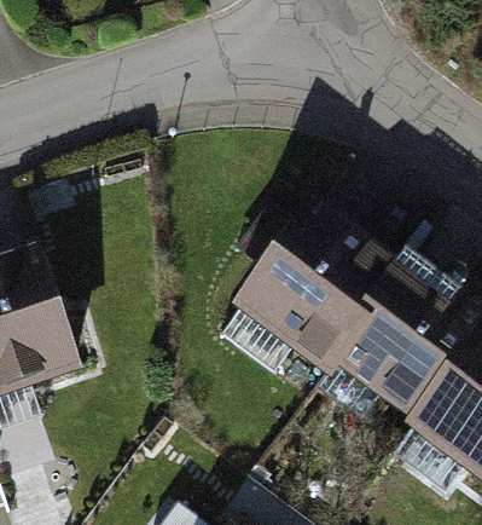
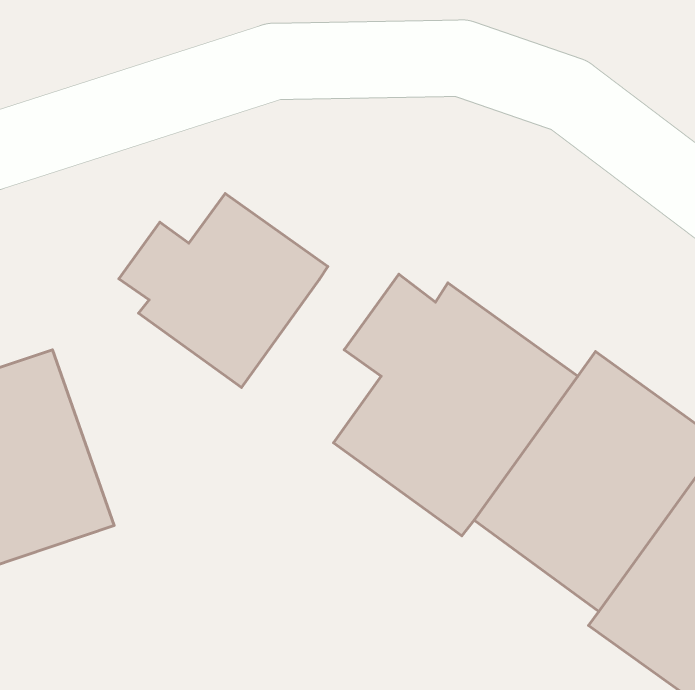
building: none -> [119,193,328,388]

